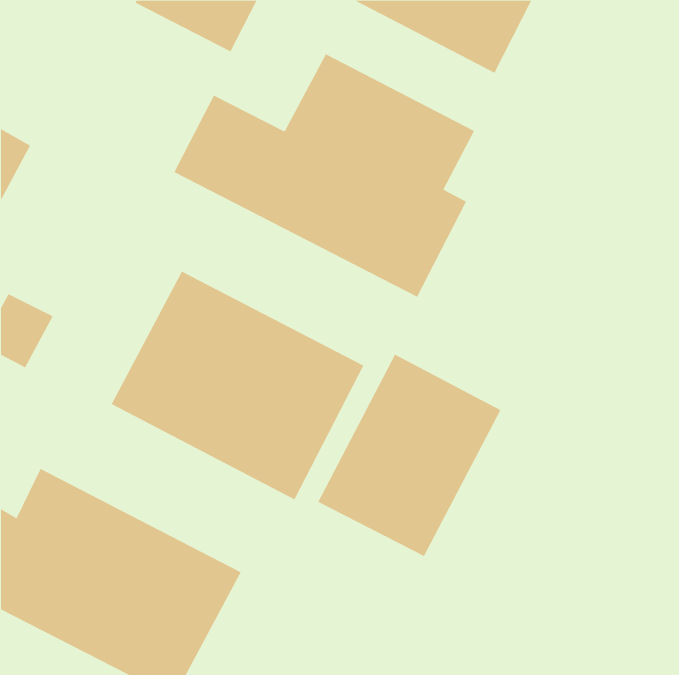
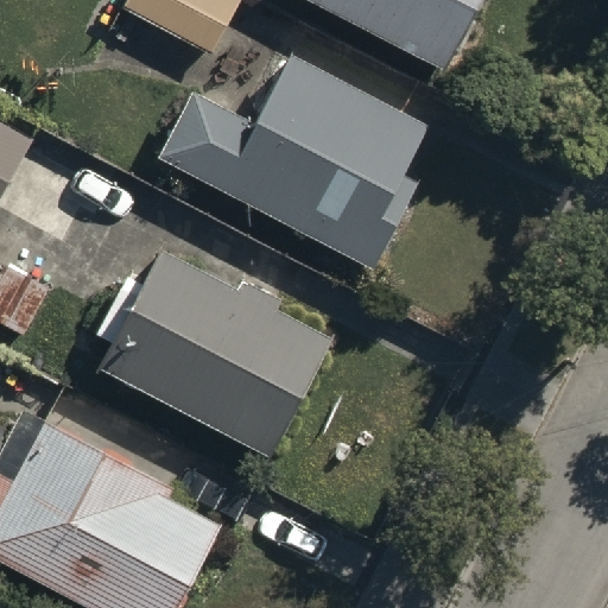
building: [318,354,501,557] -> none

